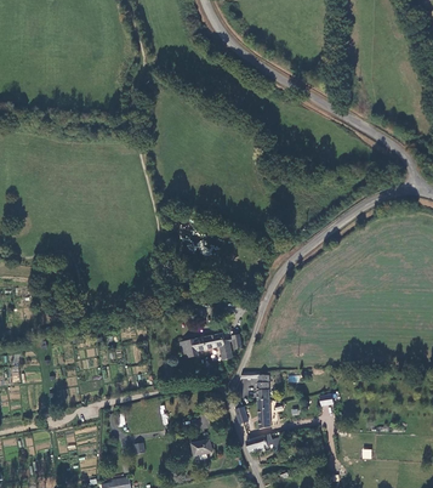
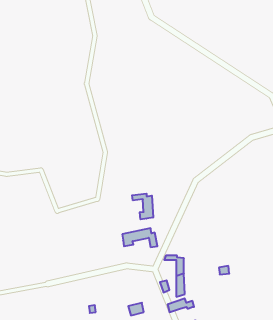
building: none -> [132,194,153,219]

